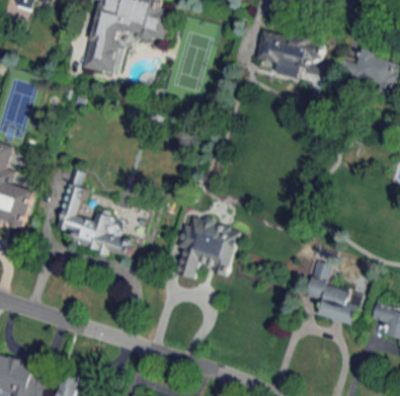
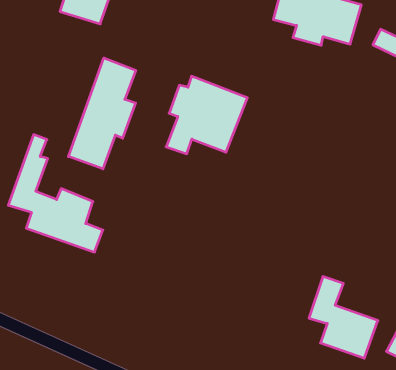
building: none -> [68,58,136,169]
building: [178,216,240,279] -> [166,76,247,154]

